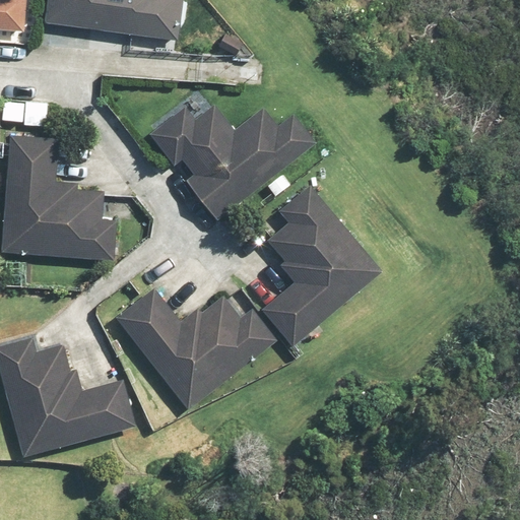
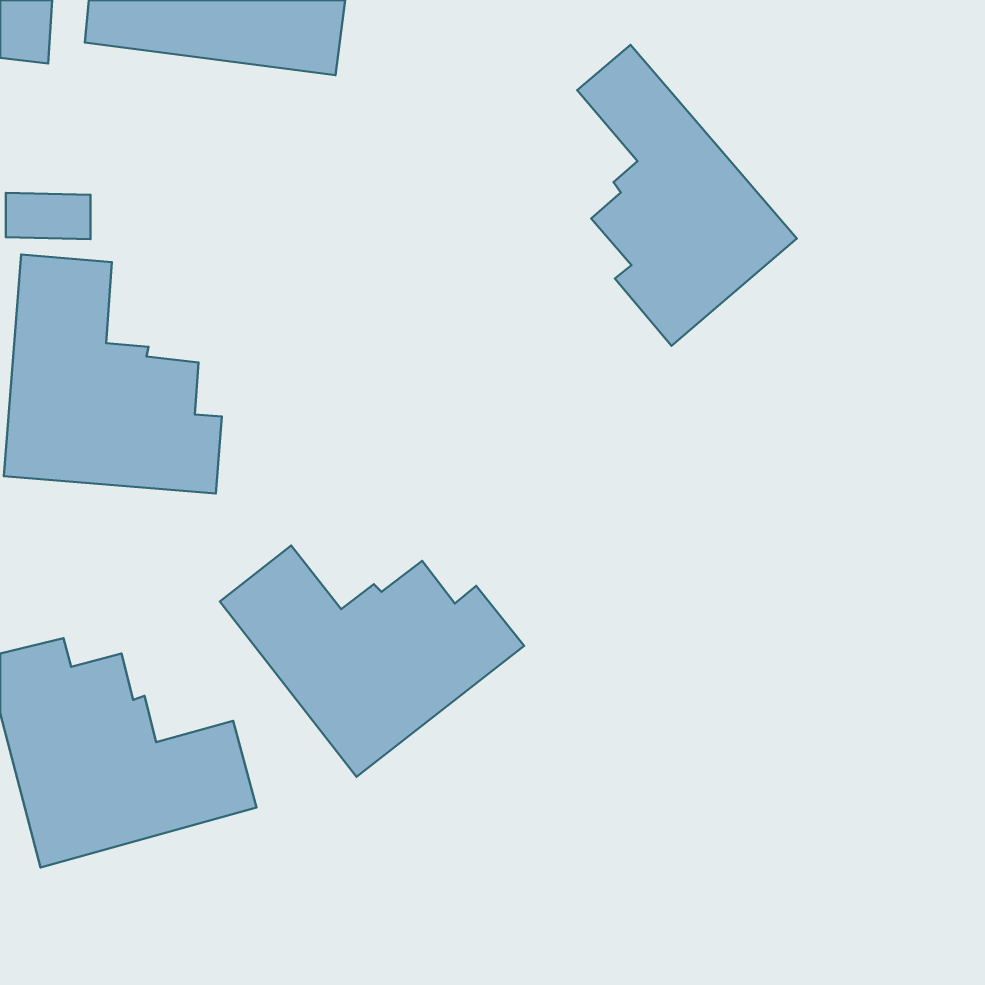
building: none -> [577,45,797,346]
building: [148,103,316,220] -> none
building: [261,185,382,346] -> none

